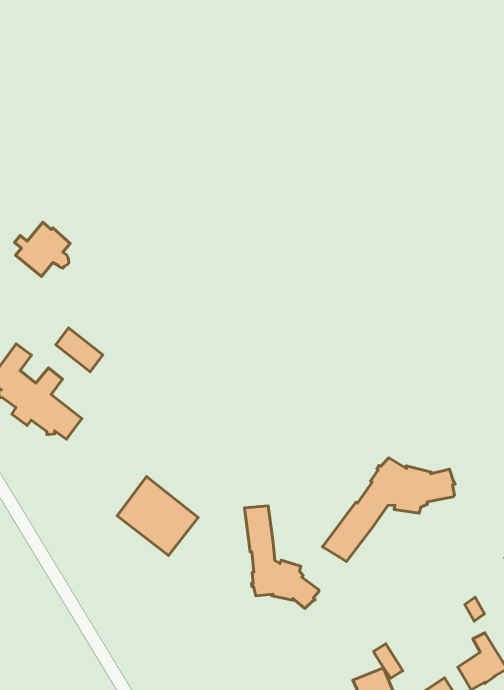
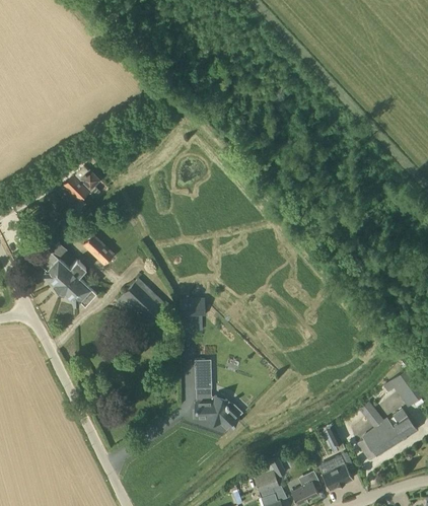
building: none -> [180,298,205,322]
building: [323,458,455,561] -> none
building: [117,476,198,555] -> [116,278,167,330]

